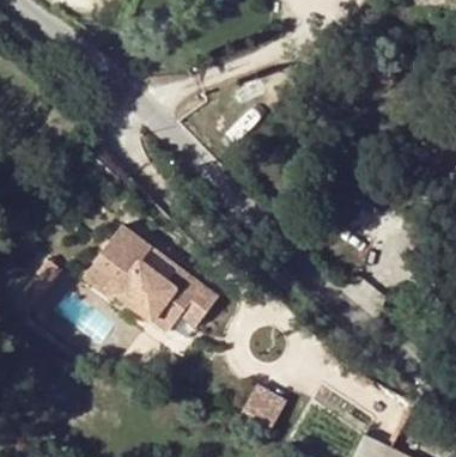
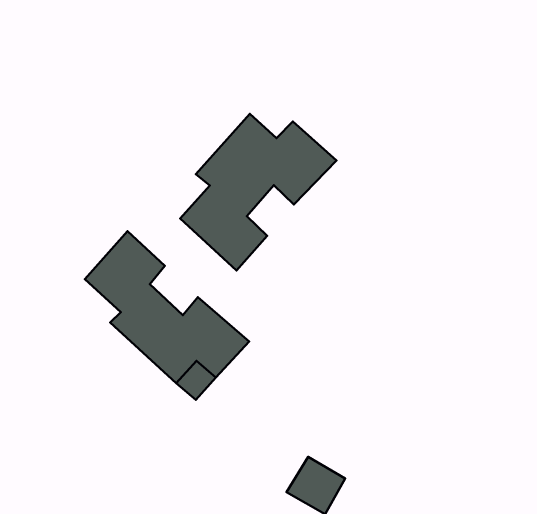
building: none -> [180,114,336,270]

